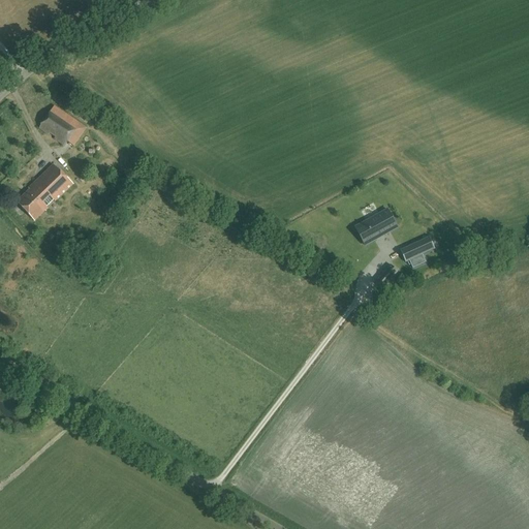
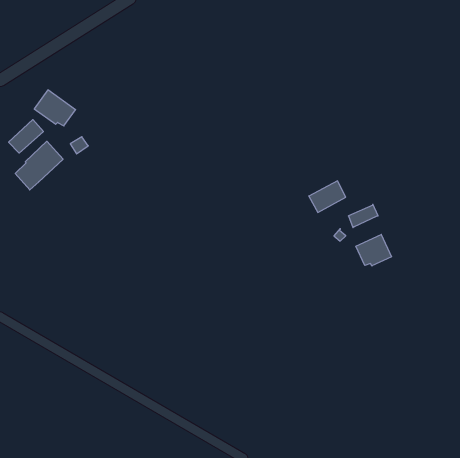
building: none -> [9,120,43,153]
building: none -> [356,234,392,266]

